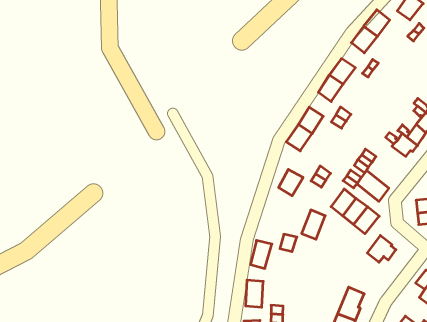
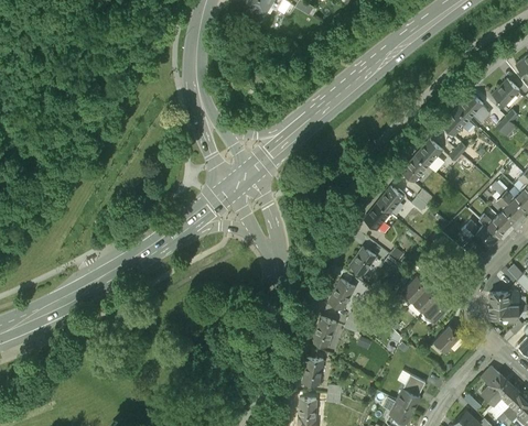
building: [357,170,389,201] -> none
building: [302,210,325,239] -> [328,278,355,309]

